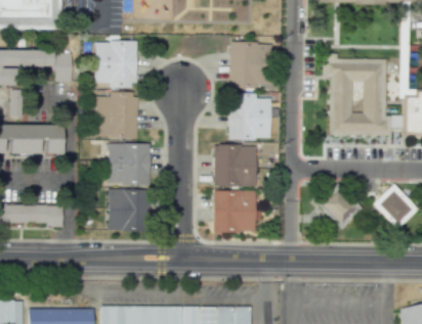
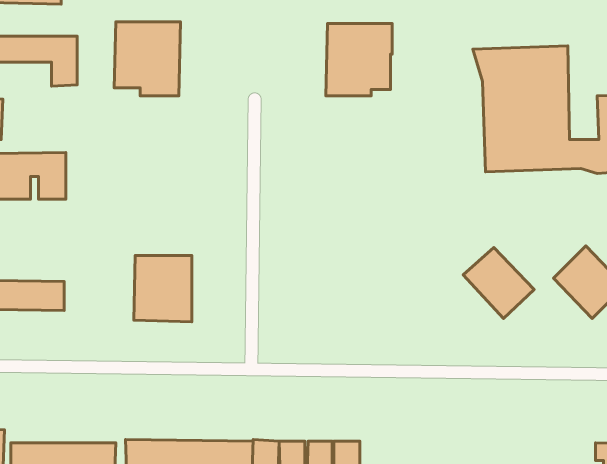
building: [96,92,138,138] -> none
building: [228,92,270,139] -> none
building: [108,143,151,185] -> none
building: [214,144,256,186] -> none
building: [214,190,261,232] -> none

